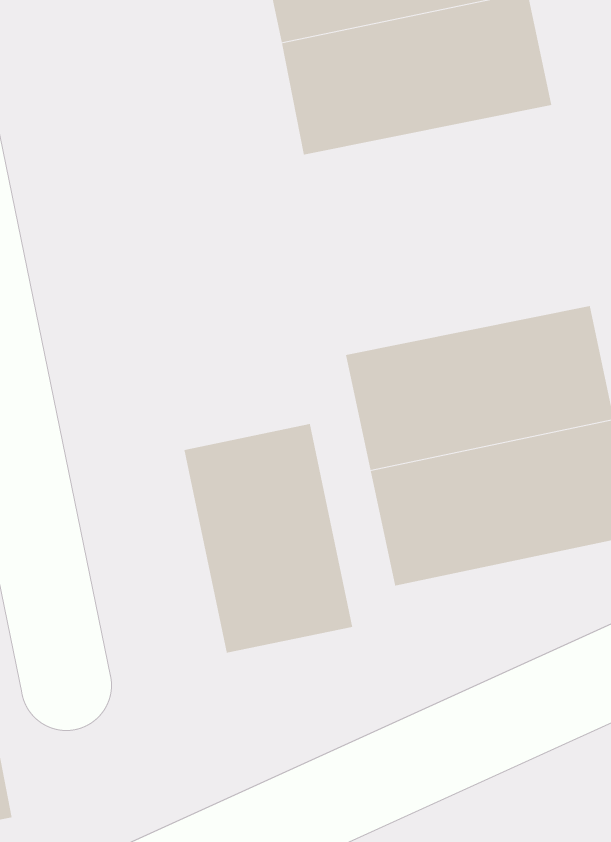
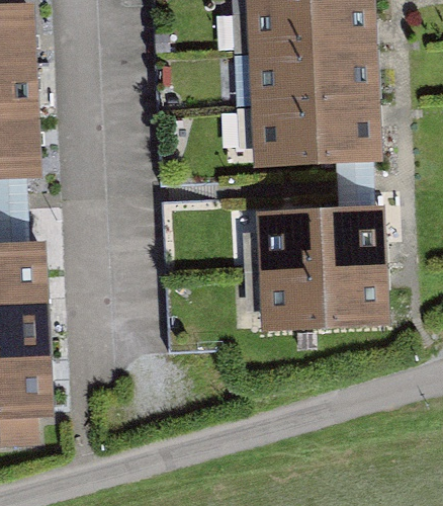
building: none -> [250,103,380,167]
building: [184,423,353,654] -> none

